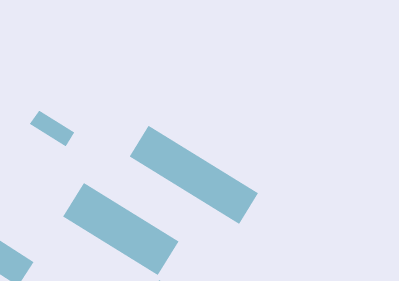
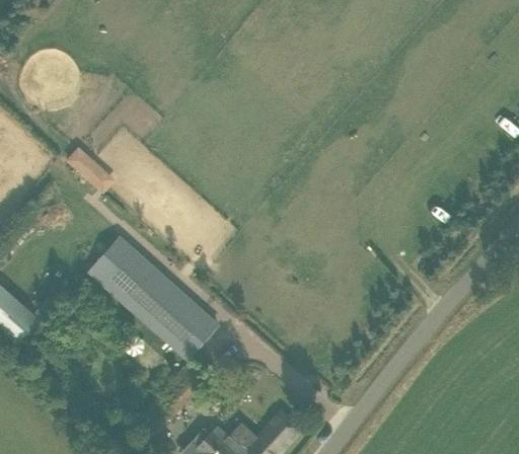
building: [129,125,259,225] -> none

